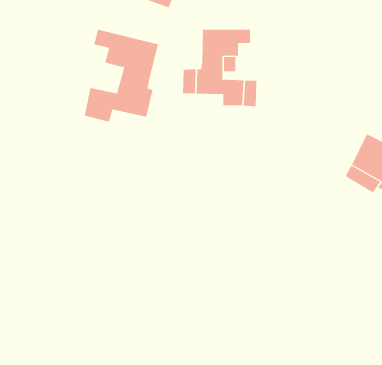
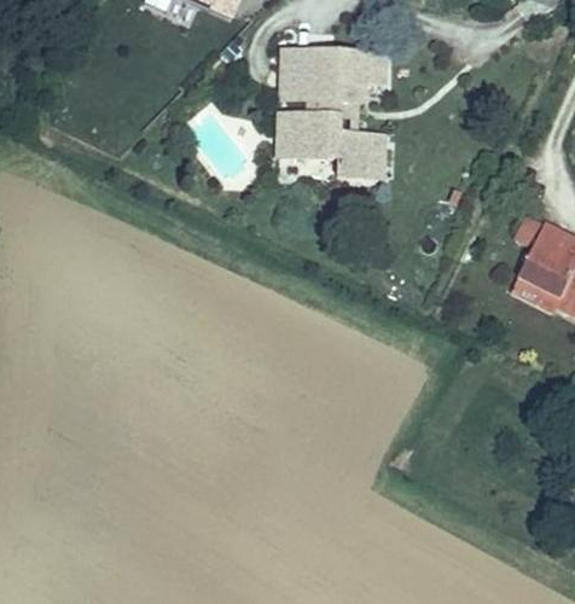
building: [84,29,158,123] -> none
building: none -> [278,58,304,106]

